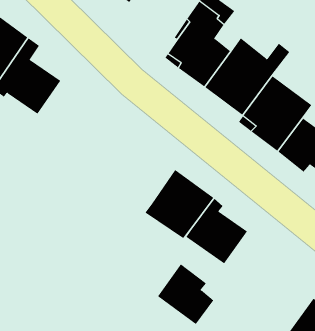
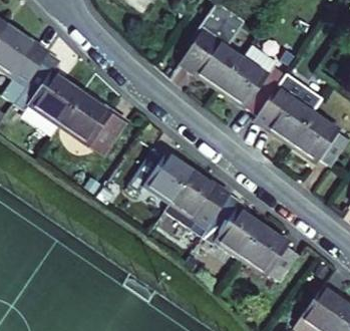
building: none -> [59,87,126,150]
building: none -> [122,153,190,205]
building: [157,264,214,325] -> [237,231,291,289]

